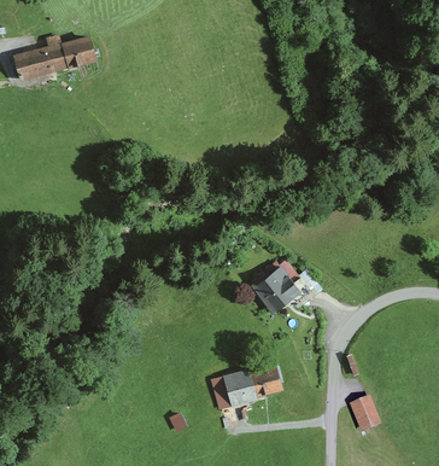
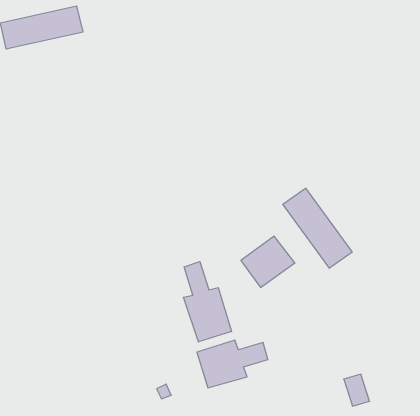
building: none -> [283,188,352,268]
building: none -> [183,262,232,342]

